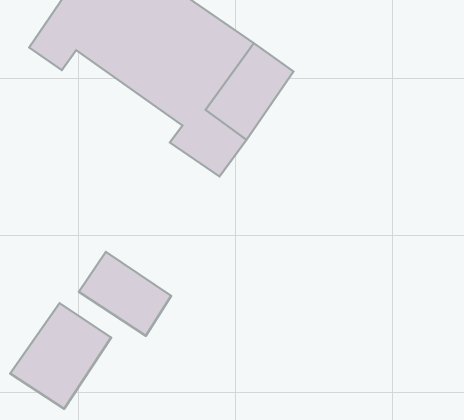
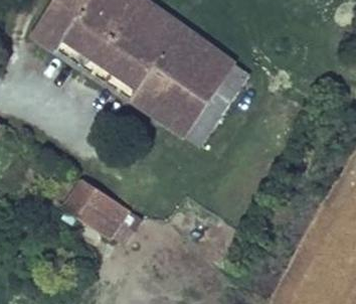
building: none -> [164,51,250,150]
building: [10,303,111,409] -> none

